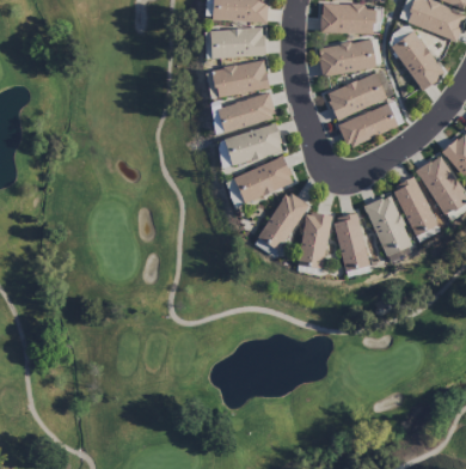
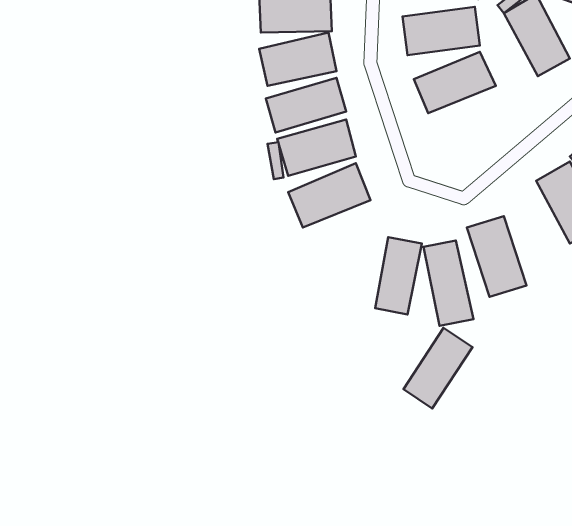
building: [339,103,399,147] -> none
building: [393,176,439,236] -> none
building: [258,191,309,251] -> [403,328,473,408]

